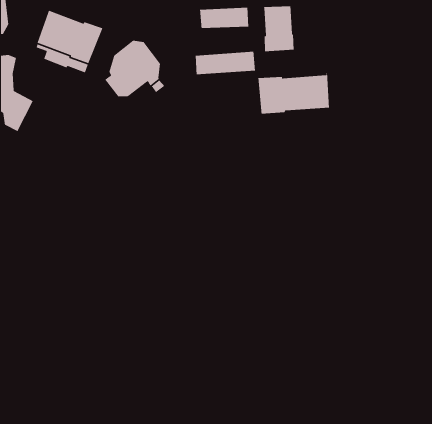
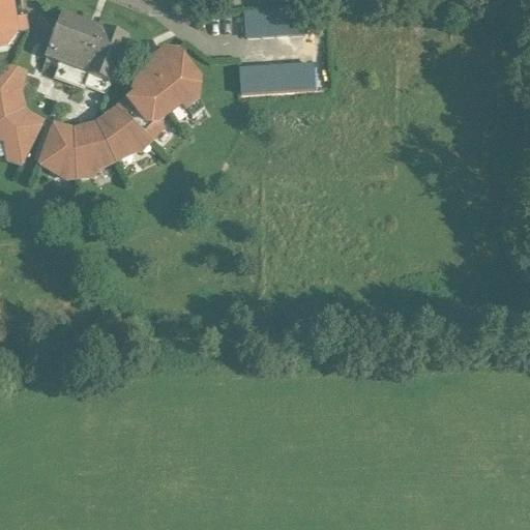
building: [262,5,295,52] -> none
building: [258,73,330,114] -> none
building: none -> [38,97,161,176]

